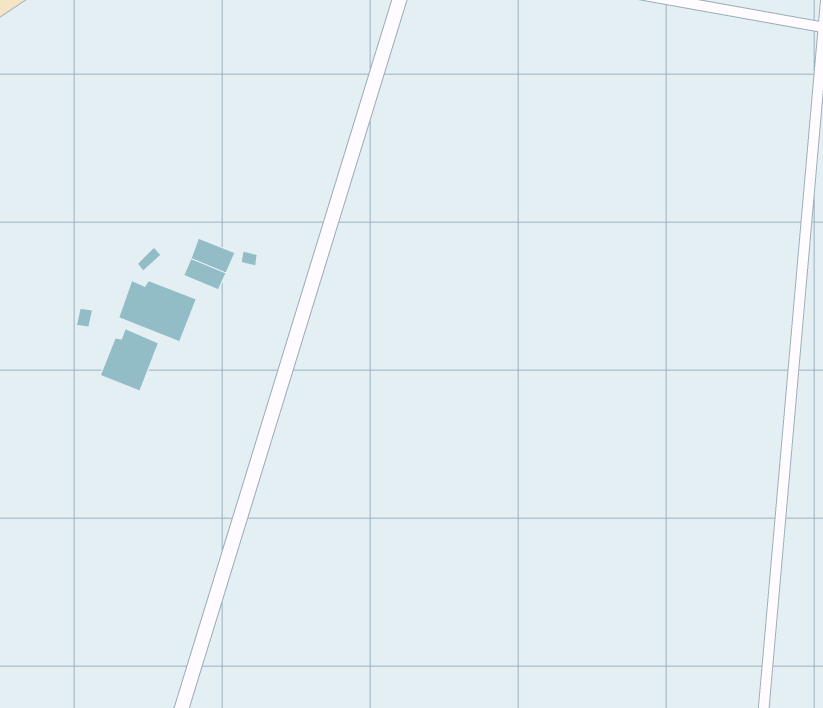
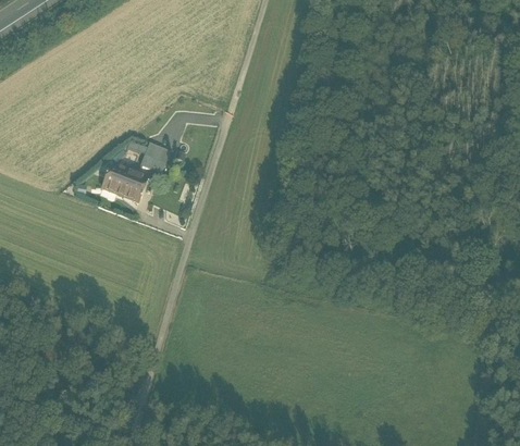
building: [100,328,159,391] -> none

